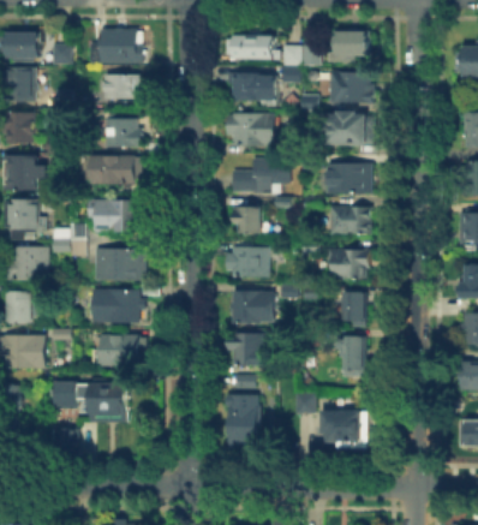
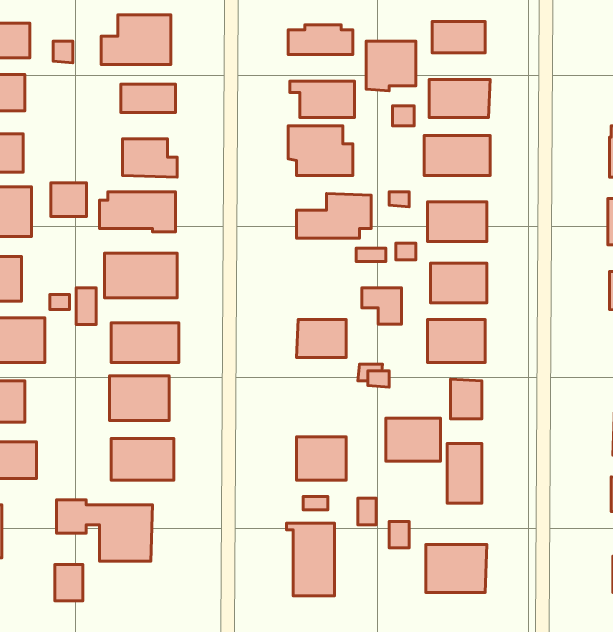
building: none -> [51,183,87,216]
building: [231,205,259,232] -> [362,288,402,324]
building: [233,292,273,323] -> [386,418,440,461]

